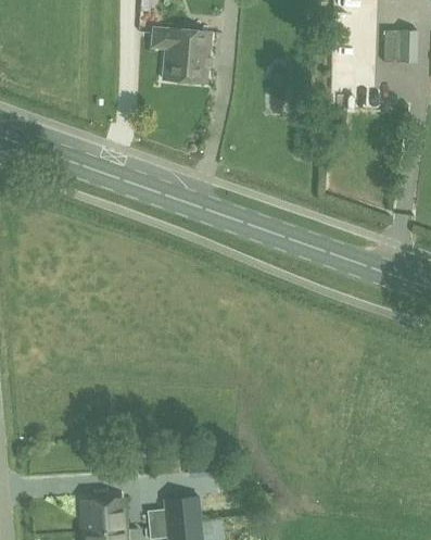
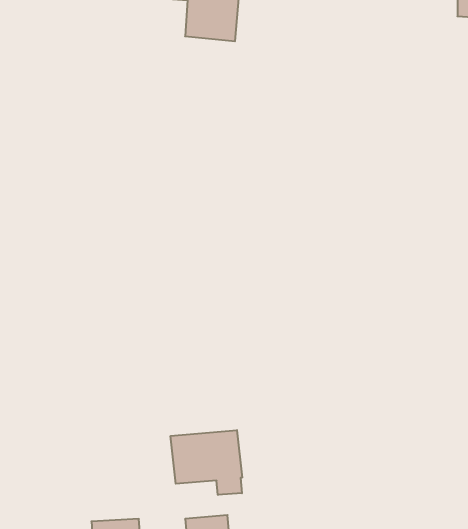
building: none -> [171,430,242,495]

